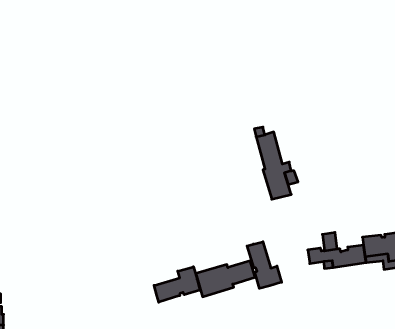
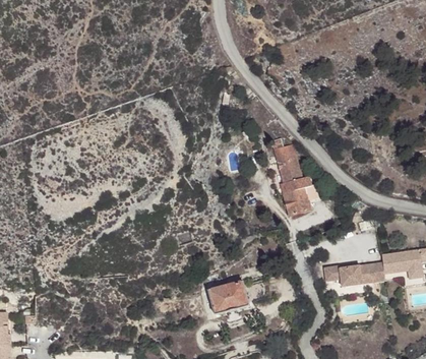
building: [247,242,282,288] -> none
building: [154,267,200,302] -> none

